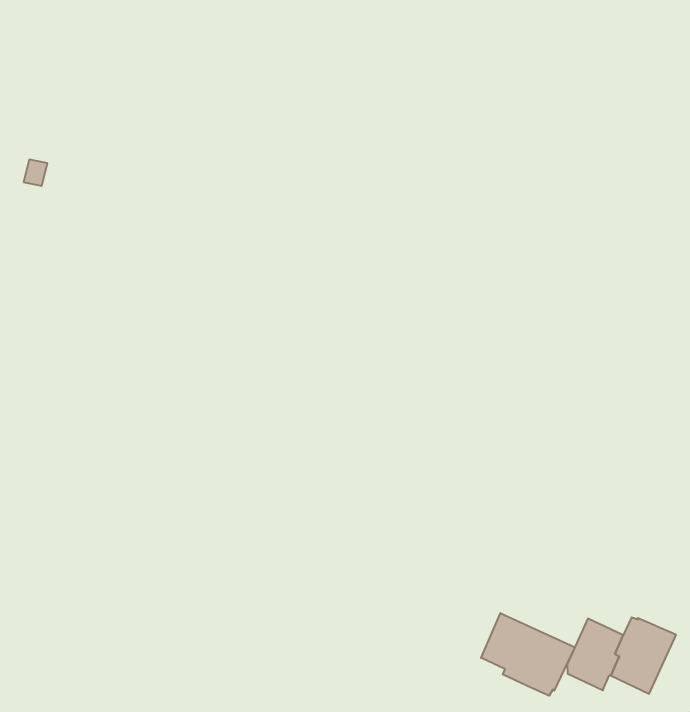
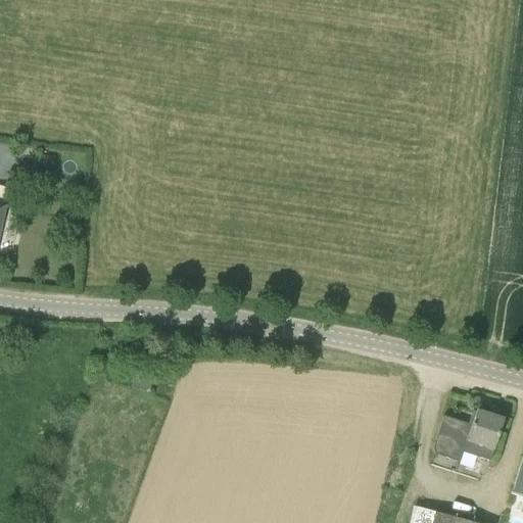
building: [481,613,575,696] -> none

